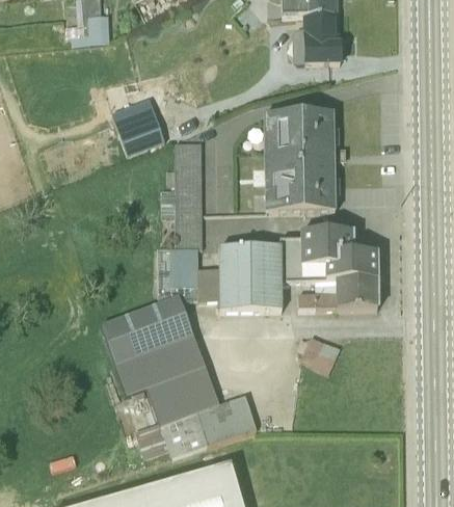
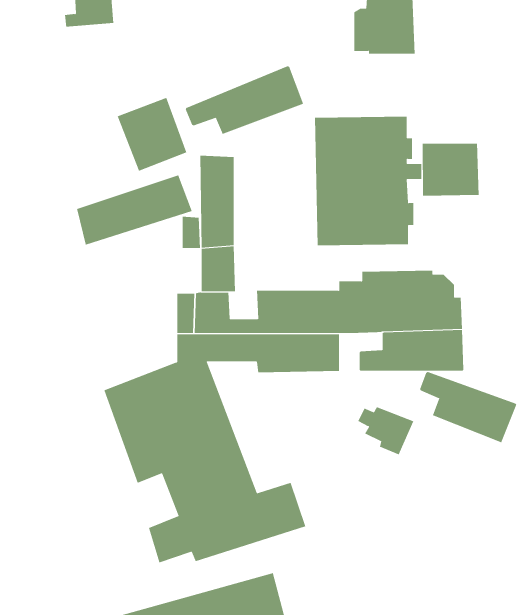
building: none -> [185,65,304,135]
building: none -> [422,143,479,196]
building: none -> [76,174,193,245]
building: none -> [420,371,517,443]

